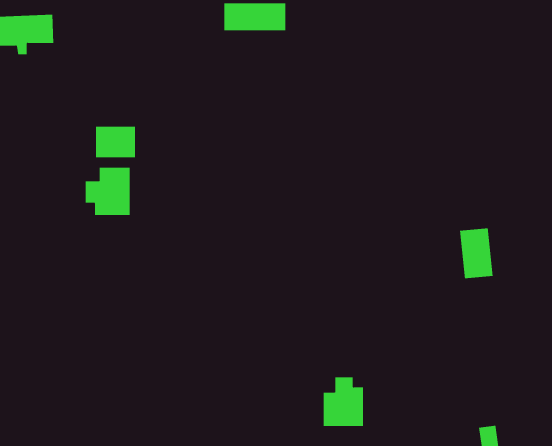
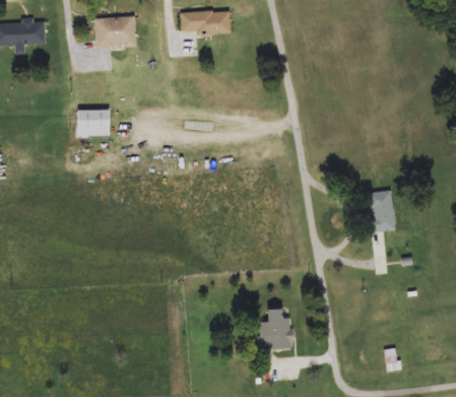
building: none -> [94,16,135,48]
building: [85,167,130,216] -> none

